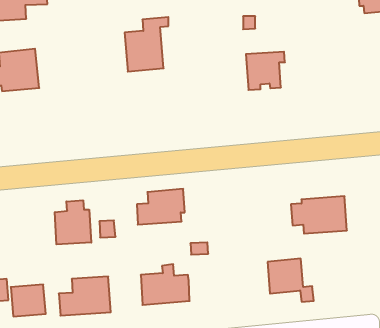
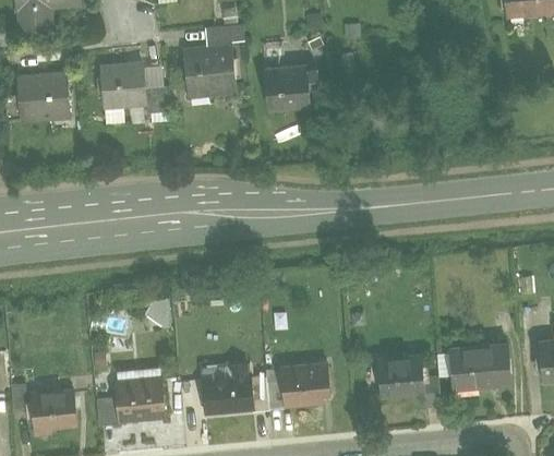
building: none -> [99,60,167,113]
building: [246,52,285,90] -> [264,61,316,112]
building: [137,189,185,225] -> [270,360,335,408]
building: [291,196,347,234] -> [435,343,510,393]
building: [55,200,91,244] -> none

